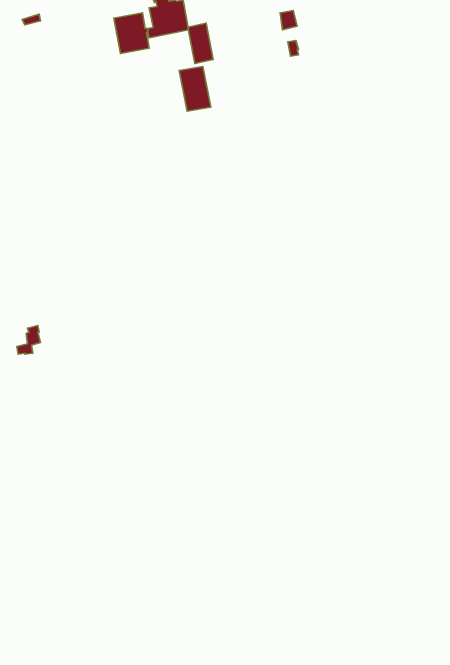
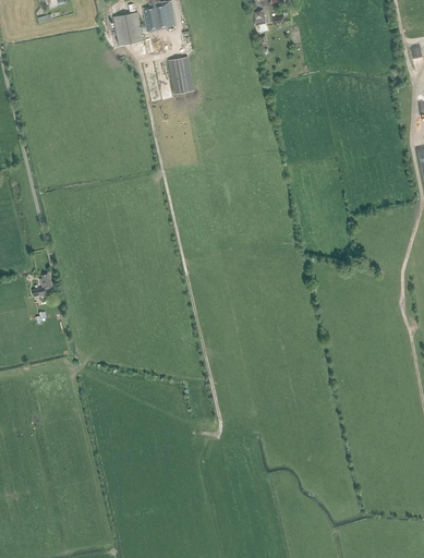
building: [188,23,213,64] -> none

